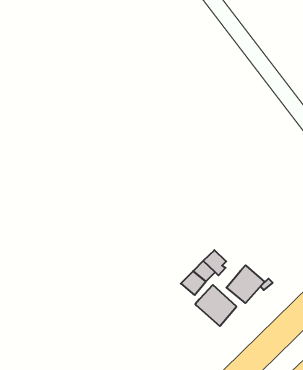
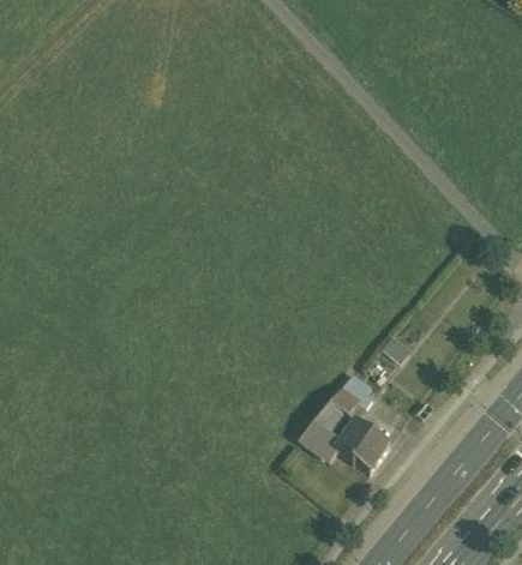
building: [226,265,264,303] -> none
building: none -> [299,419,341,457]

